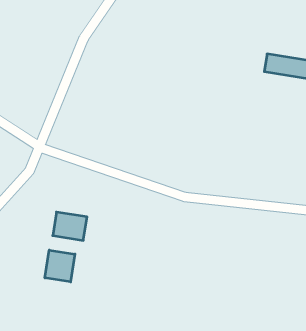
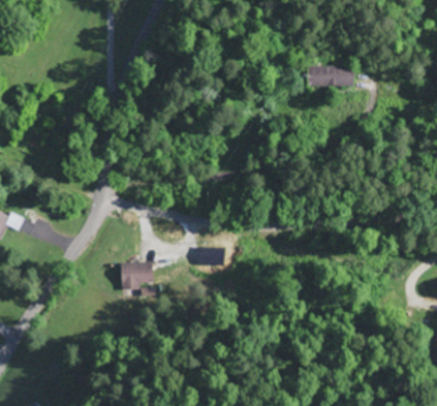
building: [45,250,75,282] -> none

